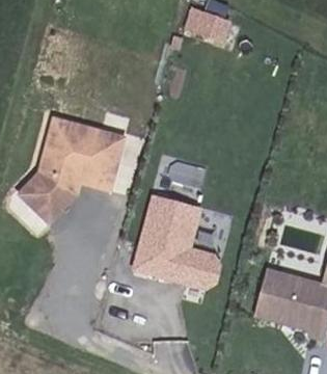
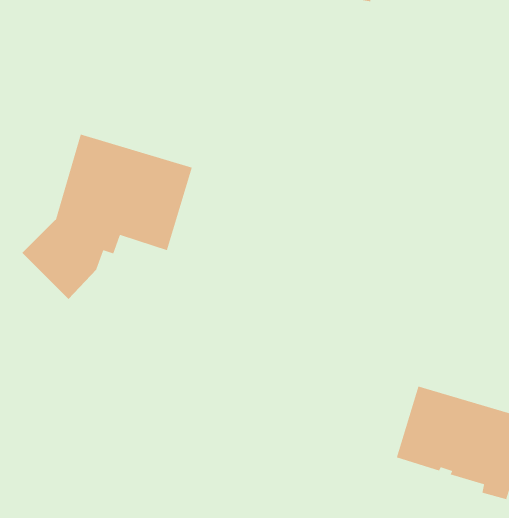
building: [131,196,215,288] -> none

